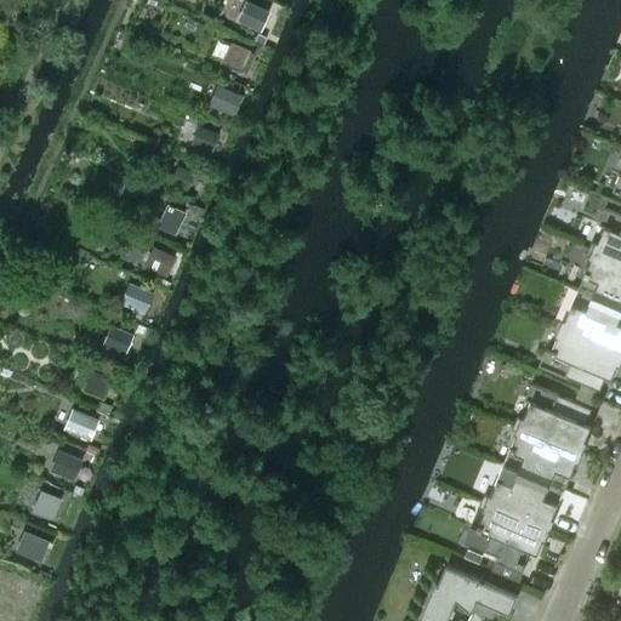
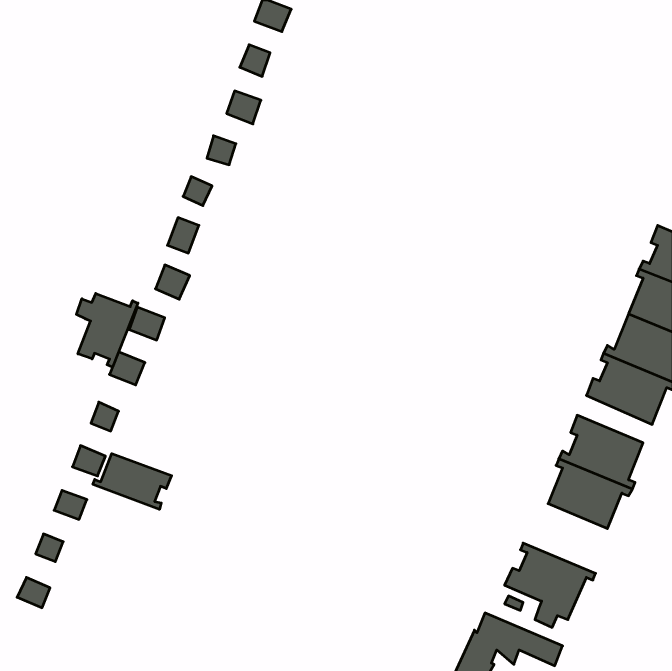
building: none -> [76,293,138,367]
building: none -> [93,454,172,509]
building: [483,466,560,530] -> none

